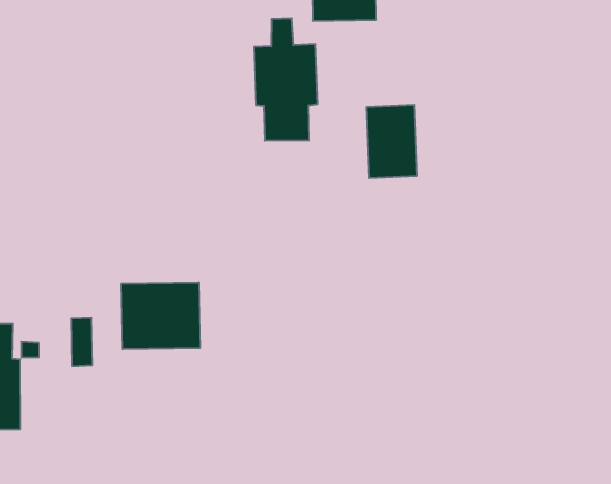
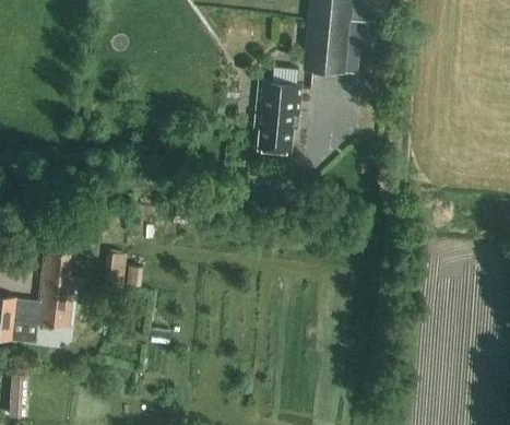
building: [367,105,417,178] -> none
building: [121,282,200,349] -> none

